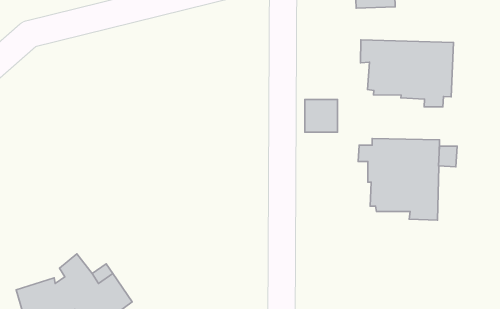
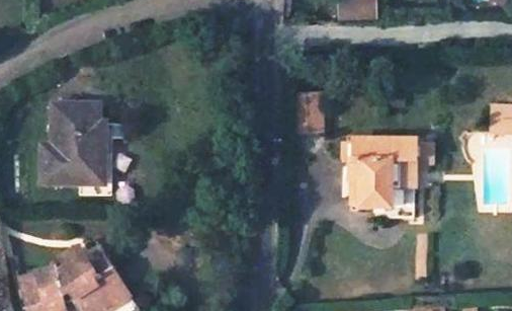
building: [361,40,453,107] -> none
building: none -> [41,102,111,191]

